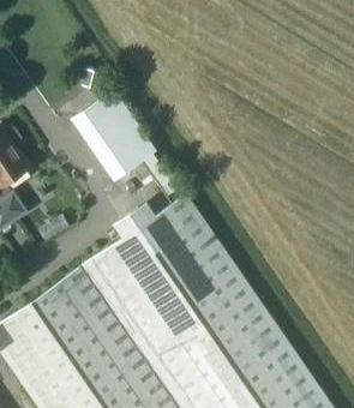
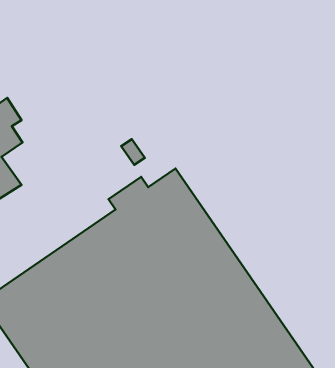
building: [72,90,154,178] -> none

